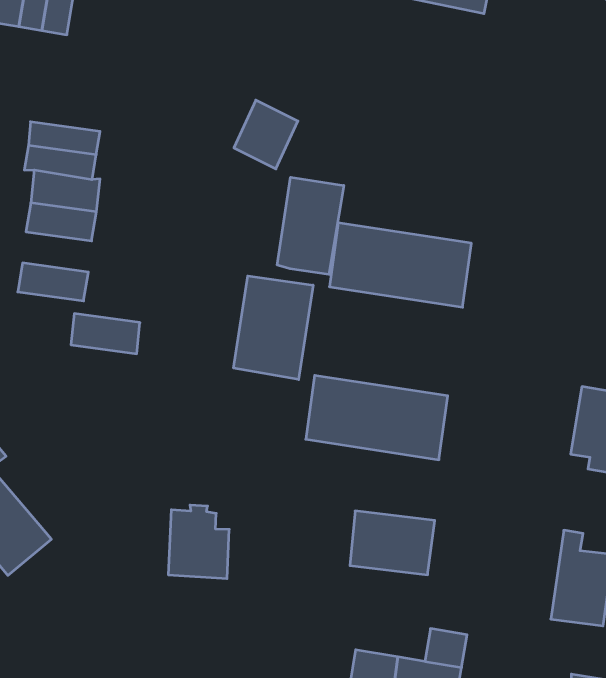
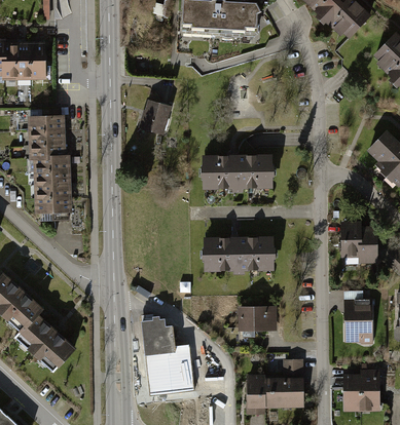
building: none -> [31,114,68,130]
building: [277,177,344,274] -> none
building: [234,276,313,380] -> none
building: [71,314,140,354] -> [38,187,74,204]
building: none -> [142,348,193,394]

